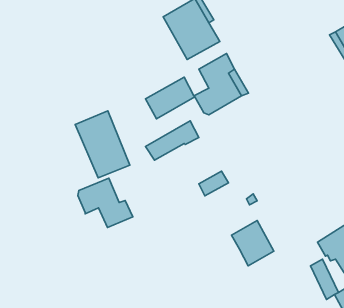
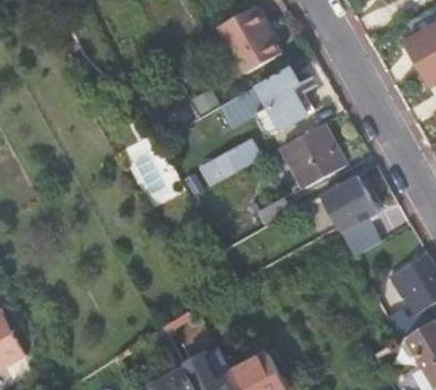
building: none -> [281,126,344,189]
building: [78,178,133,227] -> none
building: [231,220,274,266] -> [328,193,375,244]

